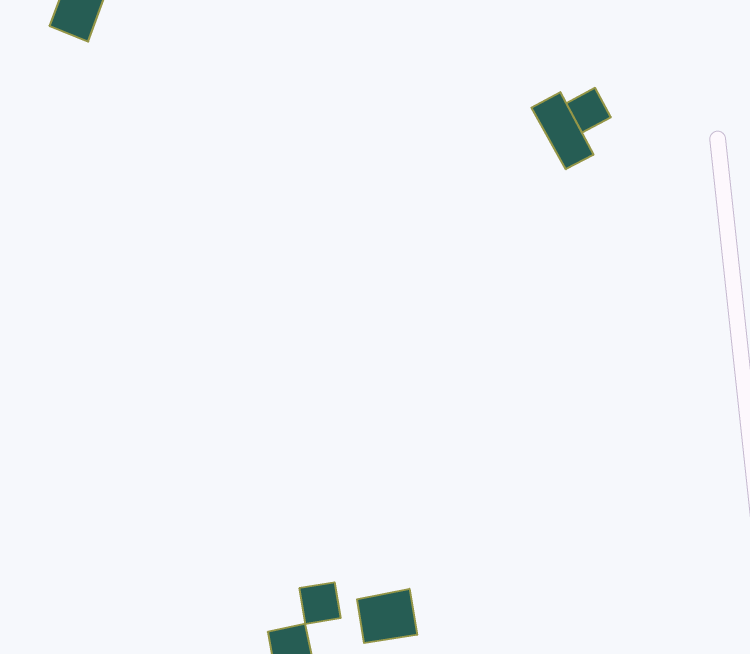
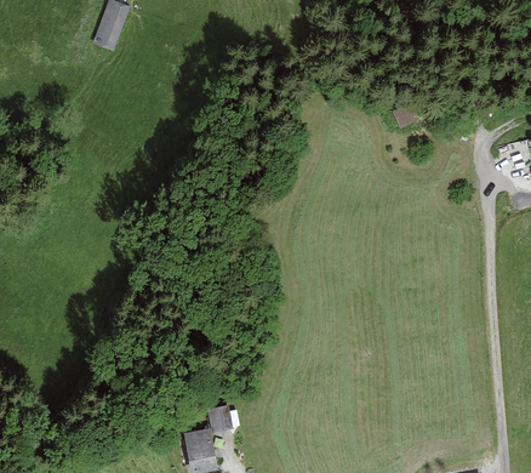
building: [531,92,593,169] -> none
building: [357,589,417,643] -> none

